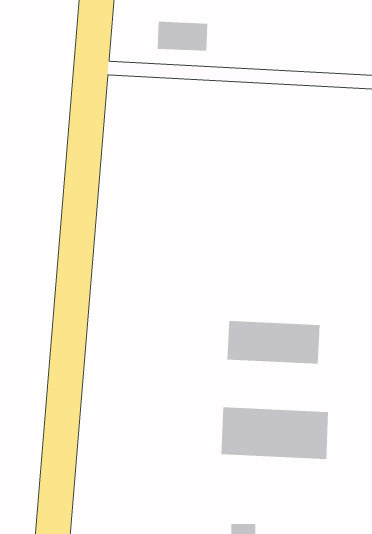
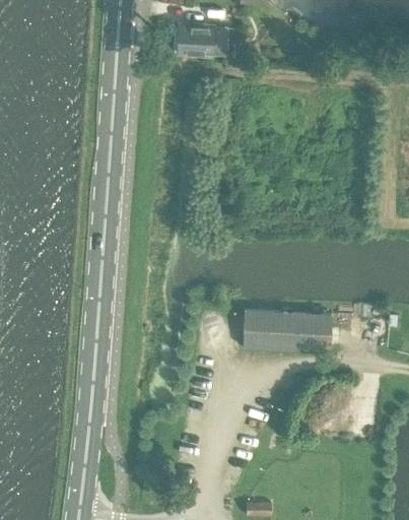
building: [221,407,329,460] -> none

